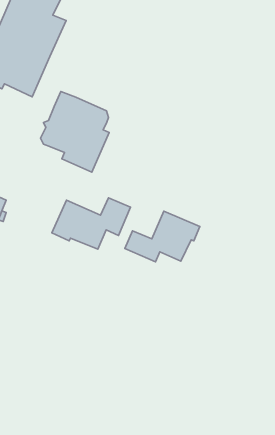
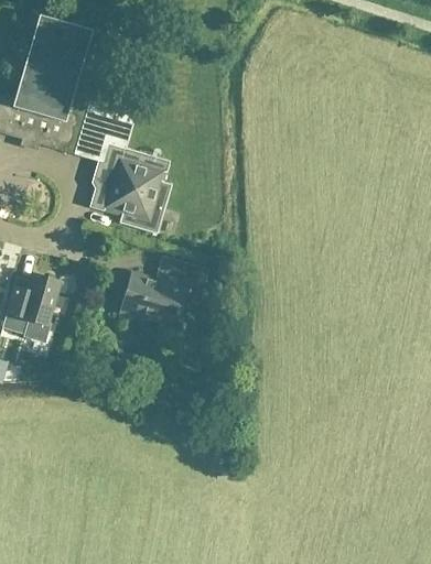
building: none -> [73,104,133,162]
building: [125,211,200,262] -> none

